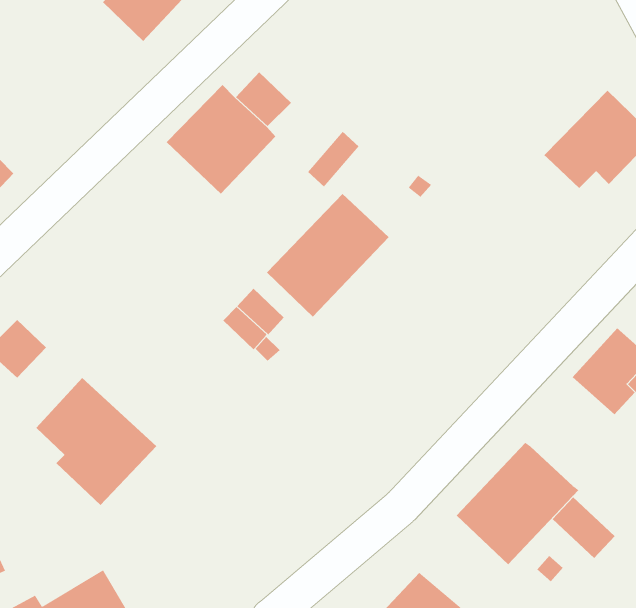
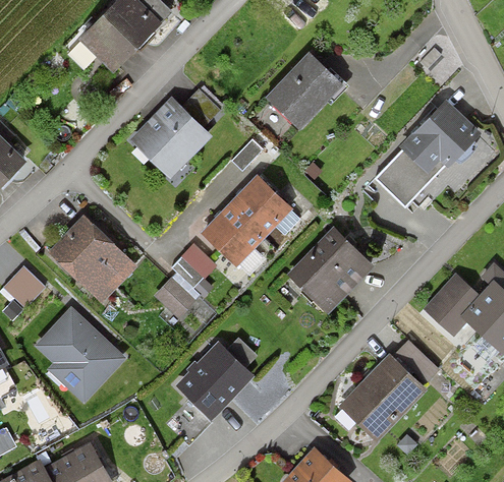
building: none -> [267,53,341,127]
building: none -> [376,150,446,207]
building: none -> [50,217,132,299]
building: none -> [290,230,371,311]
building: none -> [154,278,195,318]
building: none -> [179,346,249,416]
building: [552,496,616,559] -> [393,342,439,386]

